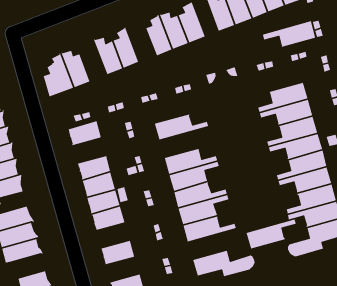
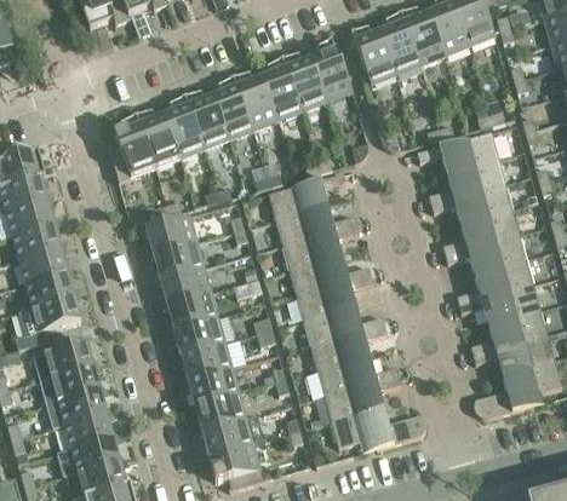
building: [262,20,316,48] -> [417,131,498,172]
building: none -> [233,73,279,128]
building: none -> [165,94,205,157]
building: none -> [268,173,345,219]
building: none -> [282,224,360,270]
building: none -> [153,241,205,278]
building: [246,218,297,249] -> [325,375,401,421]
building: none -> [189,367,240,404]
building: none -> [64,413,118,449]
building: none -> [202,418,254,455]

